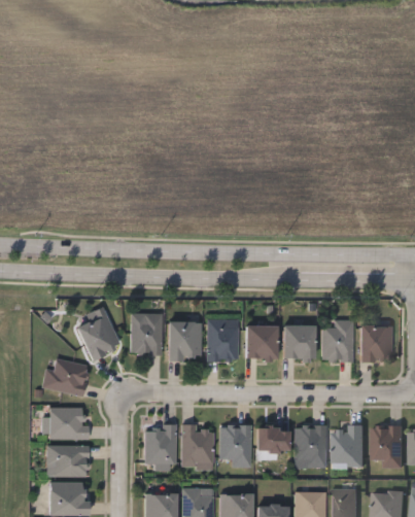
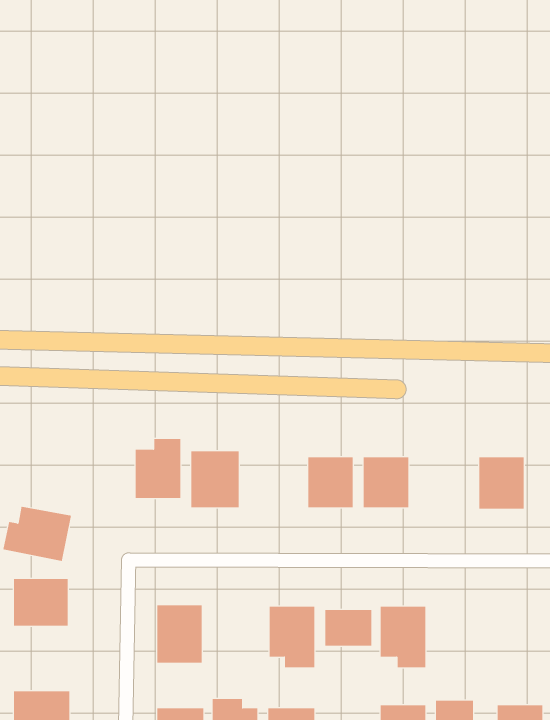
building: [77,307,120,359] -> none
building: [207,319,238,360] -> none
building: [322,319,352,361] -> none
building: [182,425,213,467] -> none
building: [372,425,403,467] -> none
building: [335,427,364,466] -> none
building: [48,445,89,476] -> none

